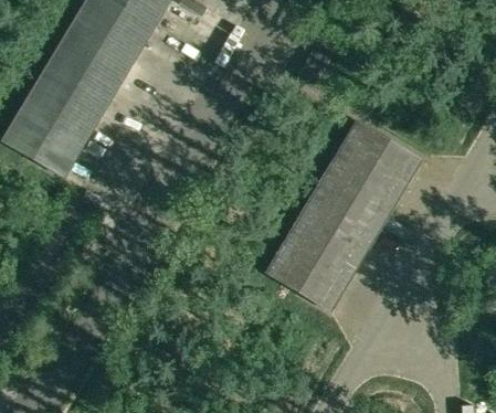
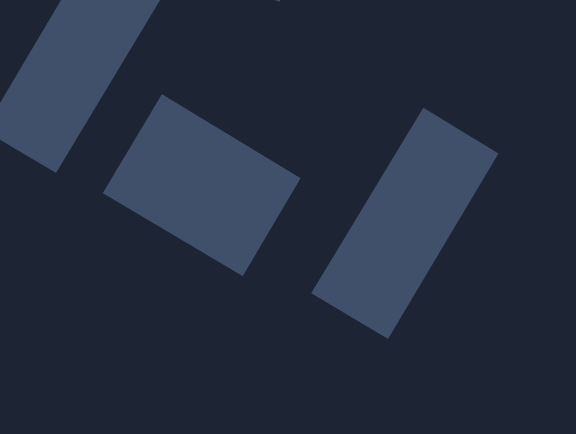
building: none -> [102,93,302,277]

